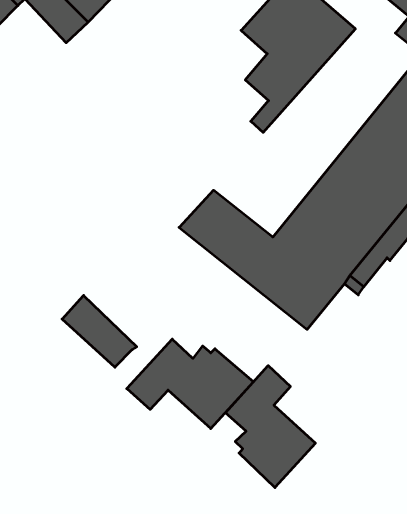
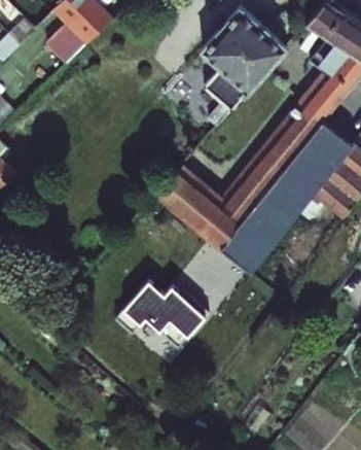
building: [62,295,137,367] -> none
building: [225,366,315,488] -> none

